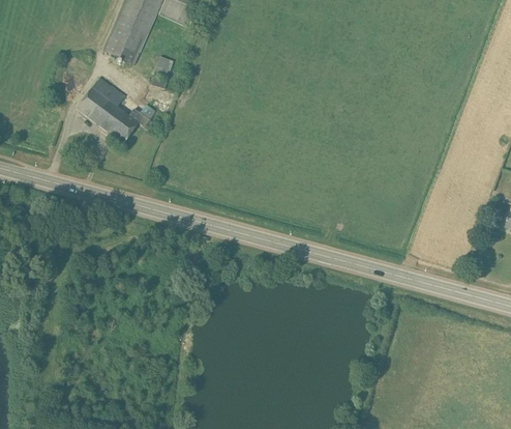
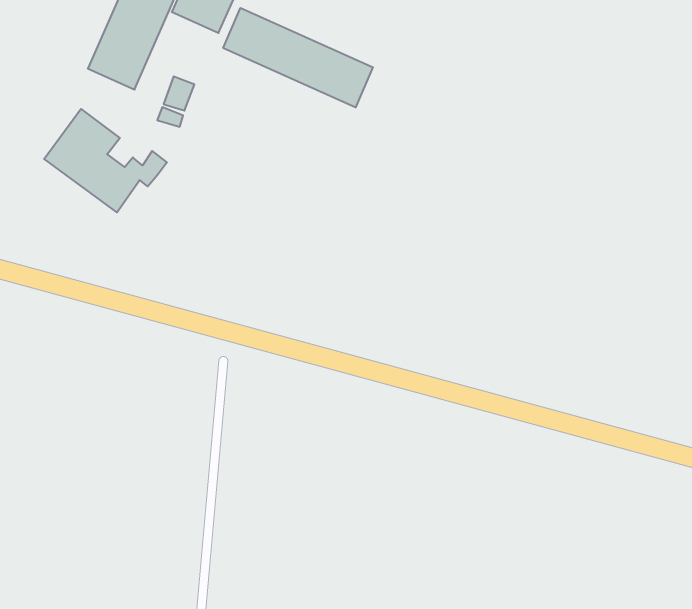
building: none -> [223,8,373,107]

